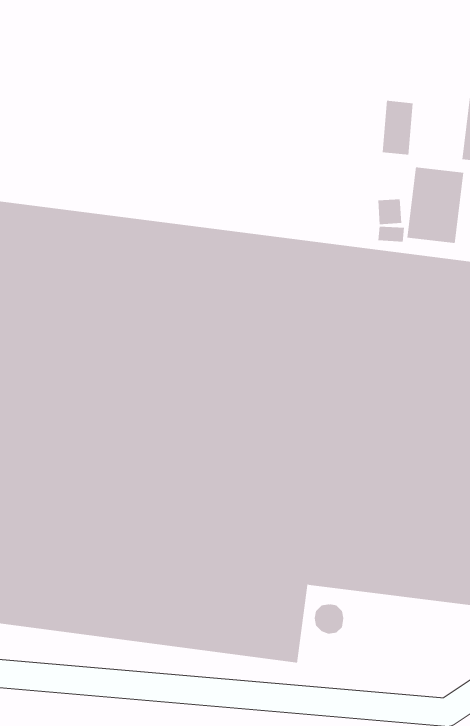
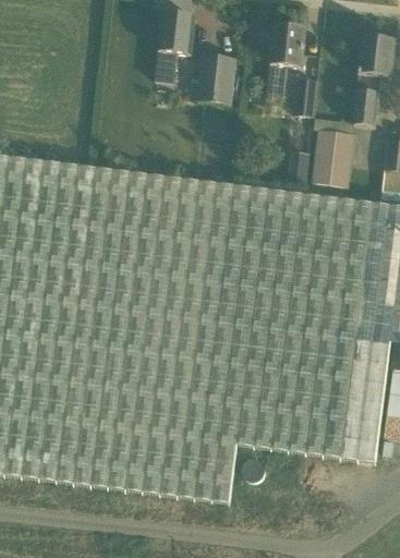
building: none -> [154,12,195,101]
building: none -> [267,25,306,95]
building: none -> [197,54,237,102]

